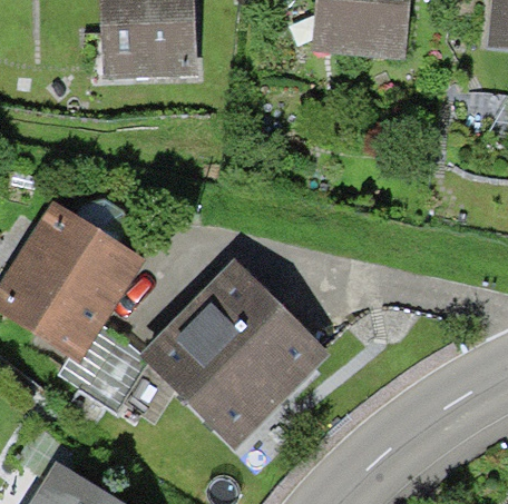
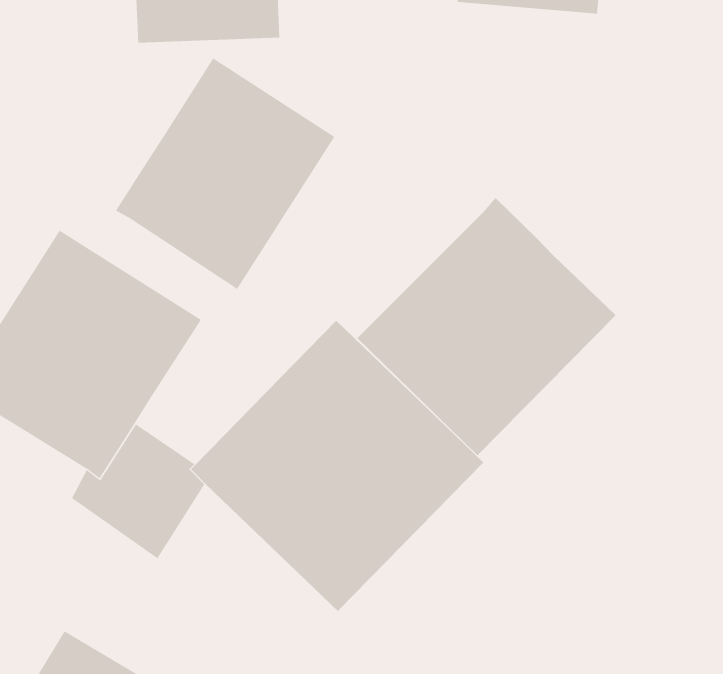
building: none -> [115,57,335,290]
building: none -> [357,197,616,456]

